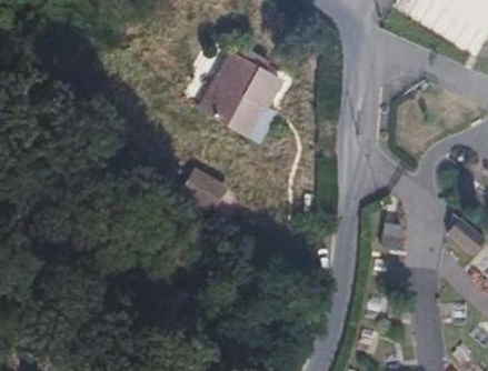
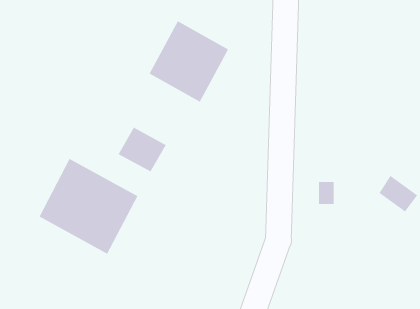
building: none -> [38,158,138,255]

